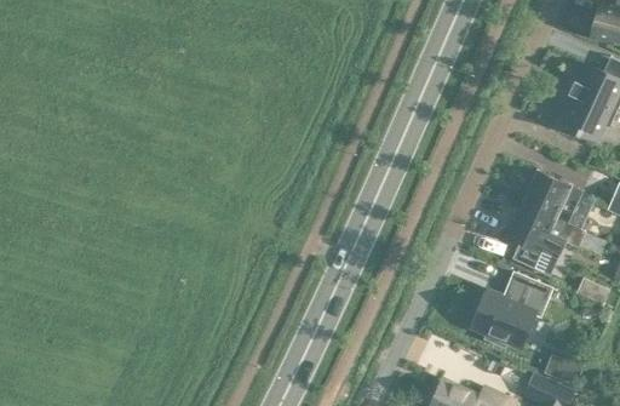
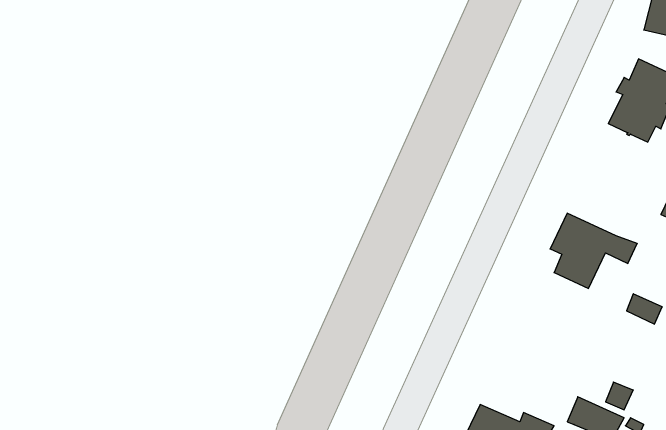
building: [524,171,584,225] -> none
building: [471,270,551,344] -> none

